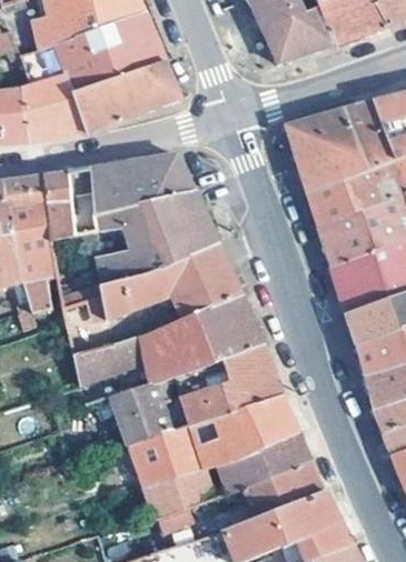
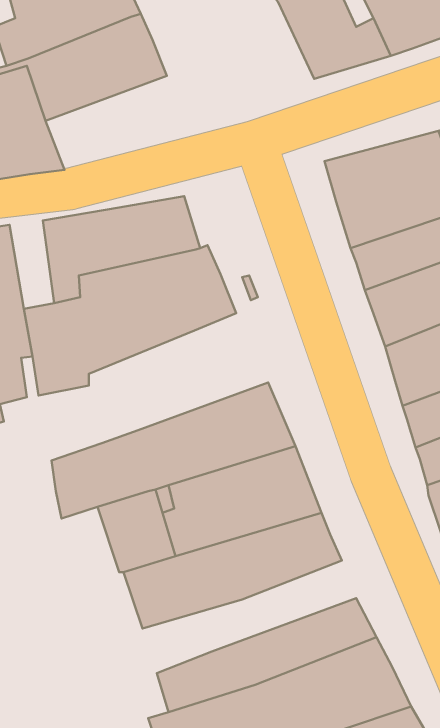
building: [70,60,180,132] -> none
building: [42,171,77,239] -> none
building: [65,242,241,355] -> none
building: [145,432,309,519] -> none

